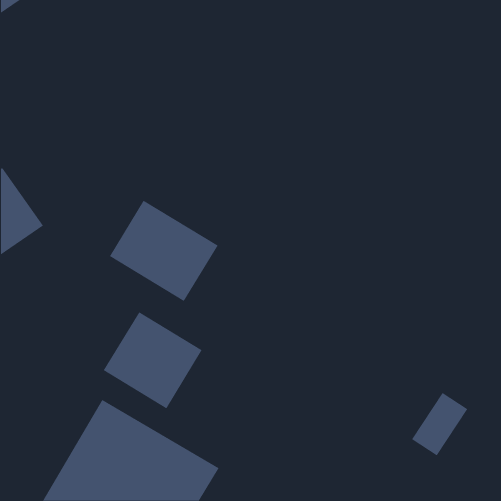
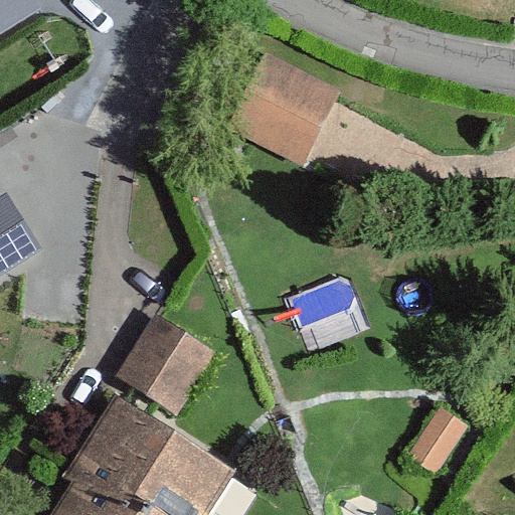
building: none -> [227,56,337,164]
building: [109,200,218,302] -> none

